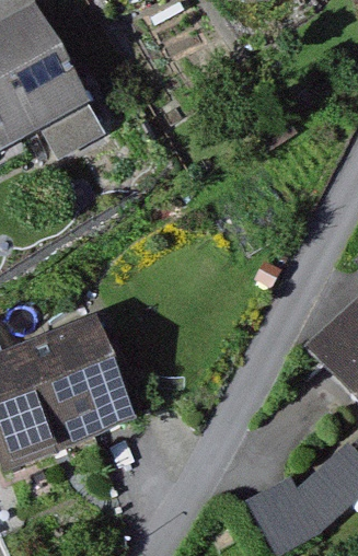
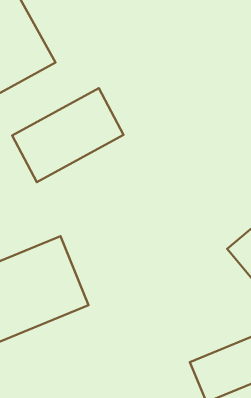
building: none -> [12,88,123,182]

